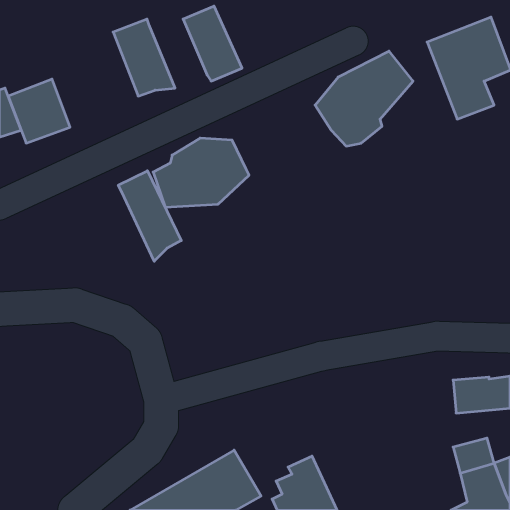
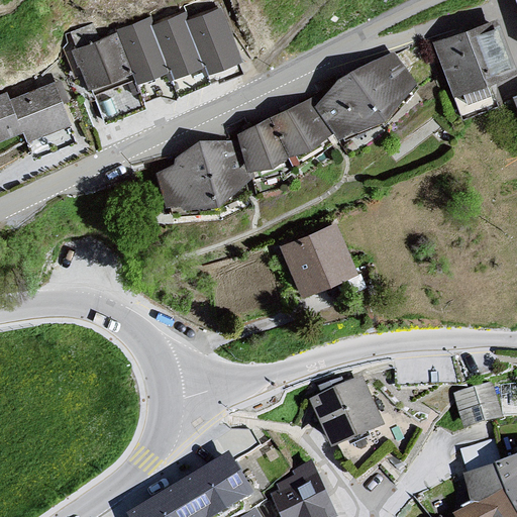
building: none -> [150,13,209,89]
building: none -> [70,32,144,123]
building: none -> [236,98,334,171]
building: [118,171,181,261] -> none
building: none -> [279,221,355,296]
building: none -> [313,379,388,454]

